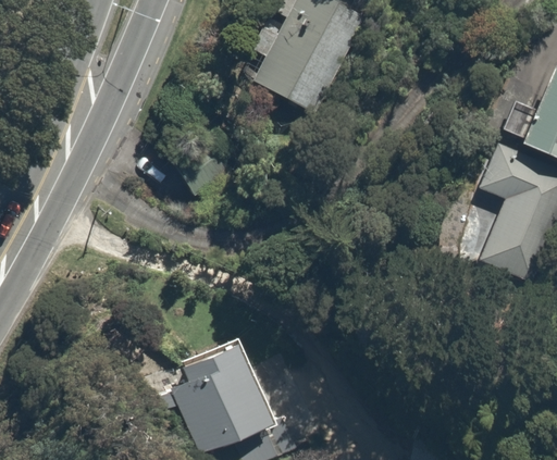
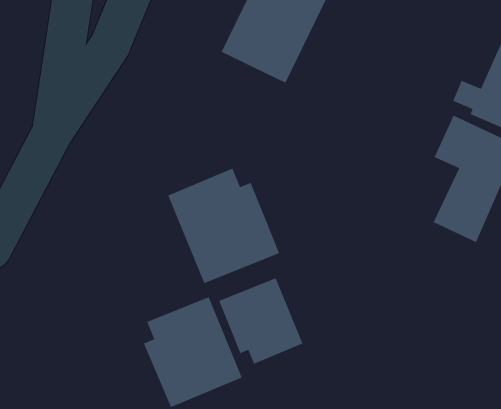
building: none -> [167,167,280,284]
building: none -> [218,277,304,365]

